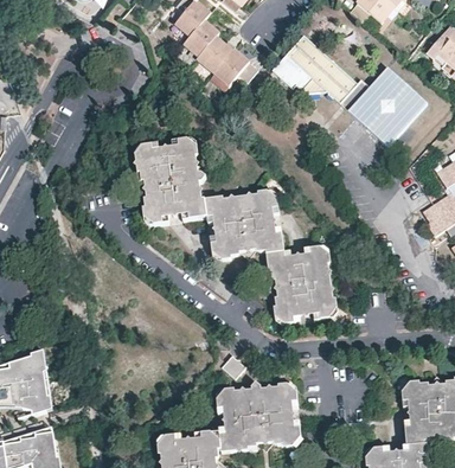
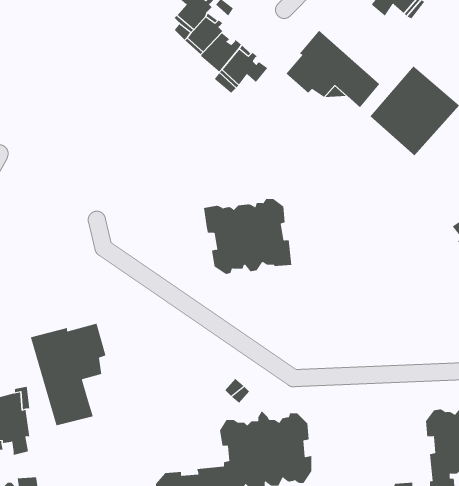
building: [132,134,203,219] -> none
building: [263,241,334,319] -> none
building: none -> [30,323,106,426]

